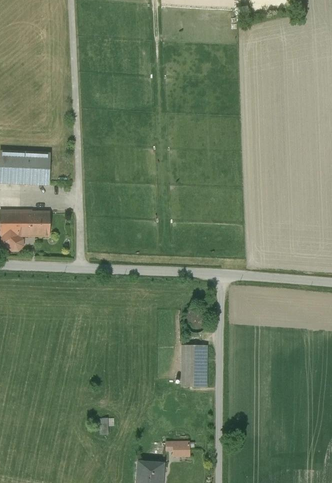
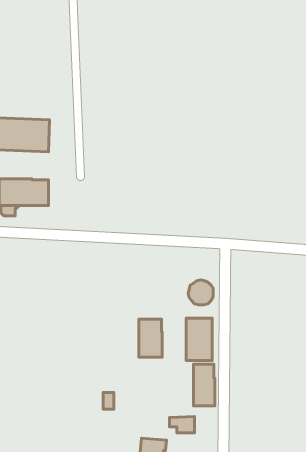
building: none -> [139,319,162,357]
building: none -> [194,364,215,406]

